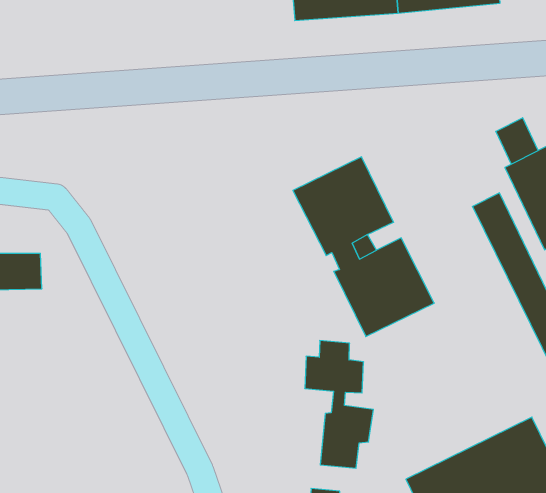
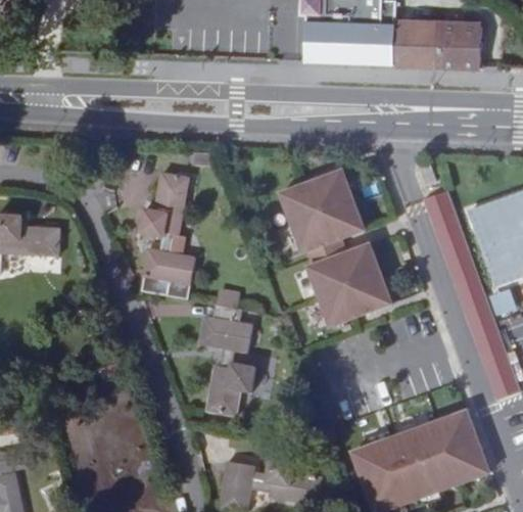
building: [496,118,538,164] -> [424,189,459,228]
building: none -> [139,171,195,293]
building: [305,341,373,468] -> [201,304,258,417]

